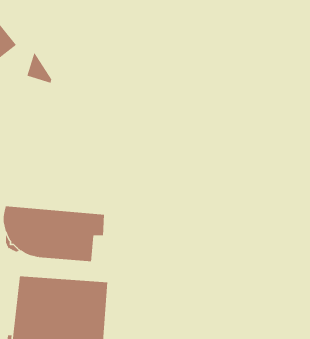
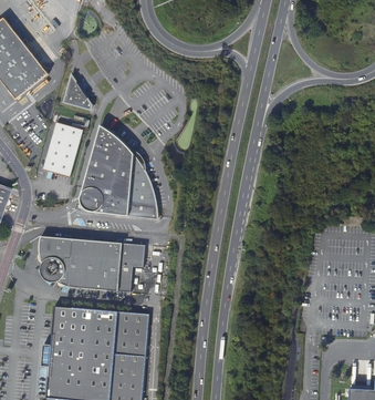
building: none -> [46,122,84,176]
building: none -> [82,125,155,214]

